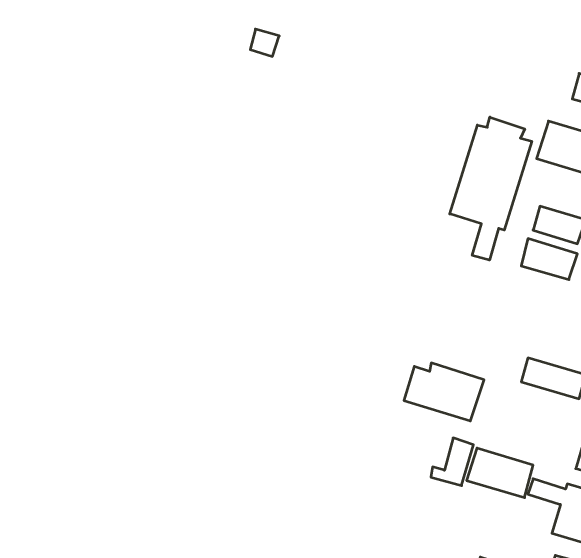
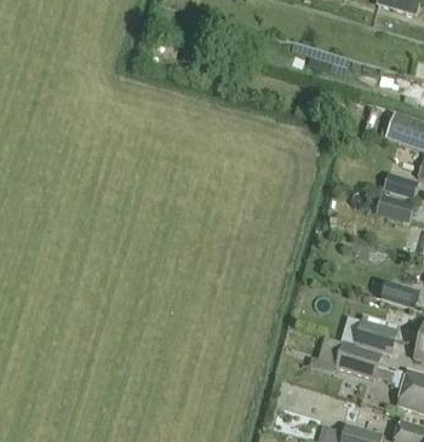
building: [450,117,532,260] -> none
building: [404,363,484,421] -> [344,314,401,355]

